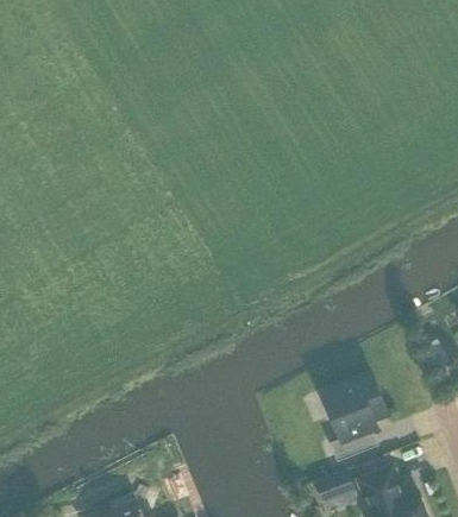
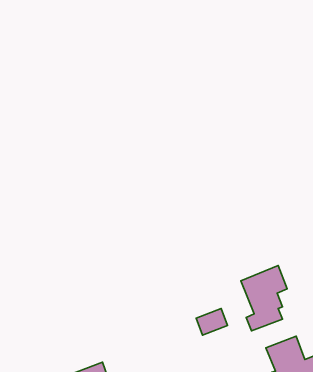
building: [314,468,356,504] -> [196,308,227,335]

